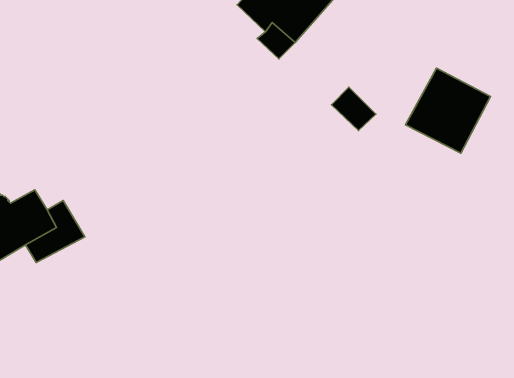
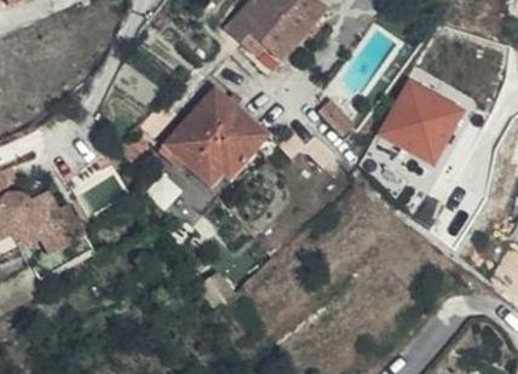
building: none -> [159,85,271,190]

